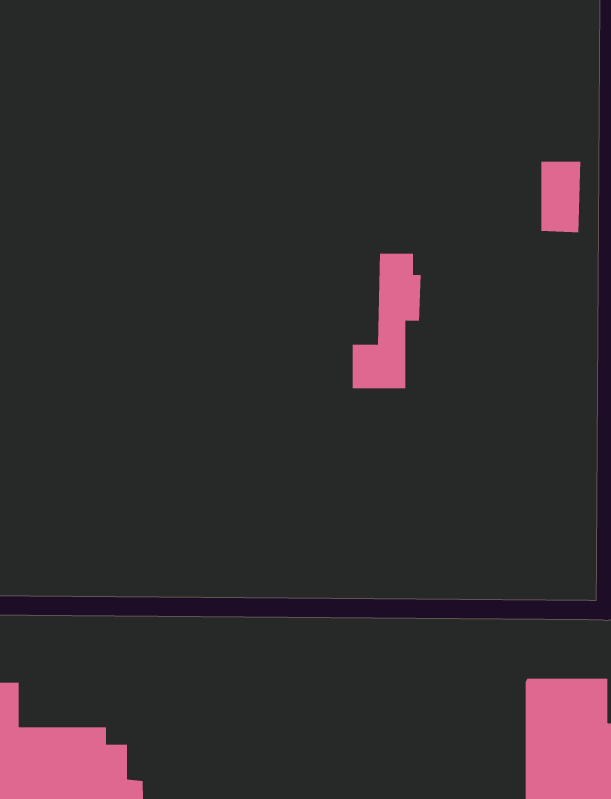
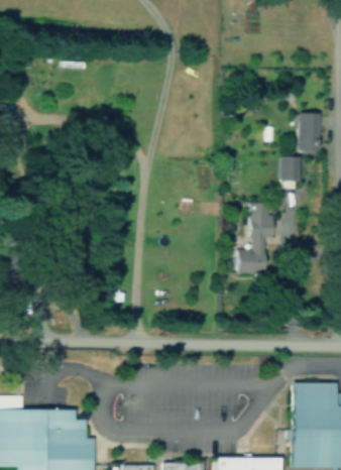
building: none -> [281,156,301,181]
building: [352,253,422,389] -> [238,203,274,273]

